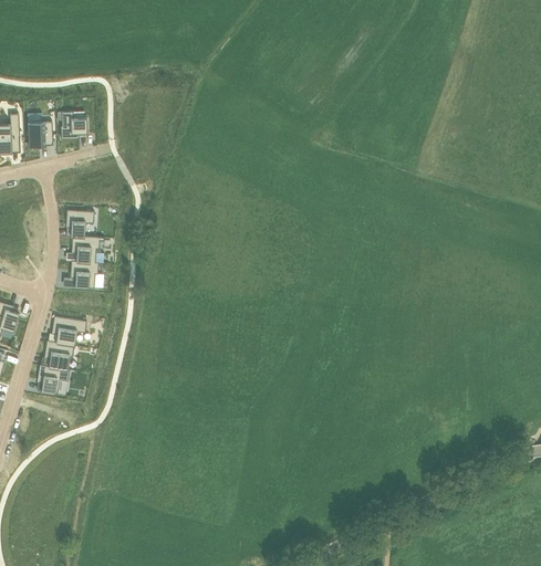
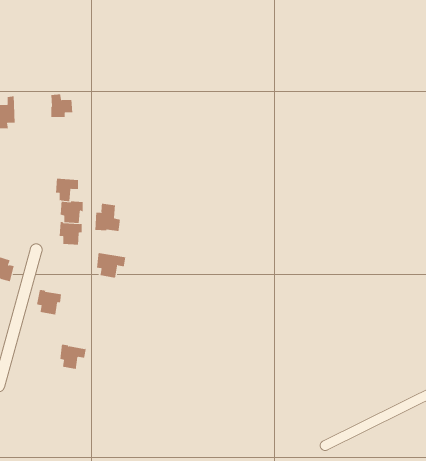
building: [28,113,53,147] -> none
building: none -> [95,203,121,232]
building: [52,316,87,346] -> [96,253,126,278]
building: [38,365,70,395] -> [59,344,87,370]

